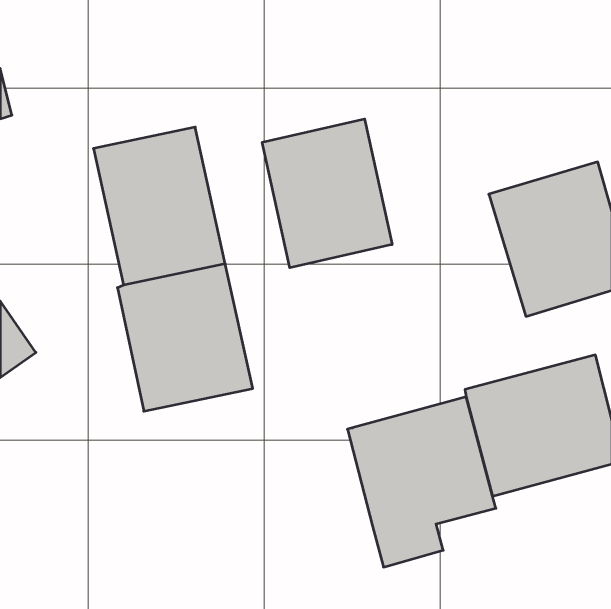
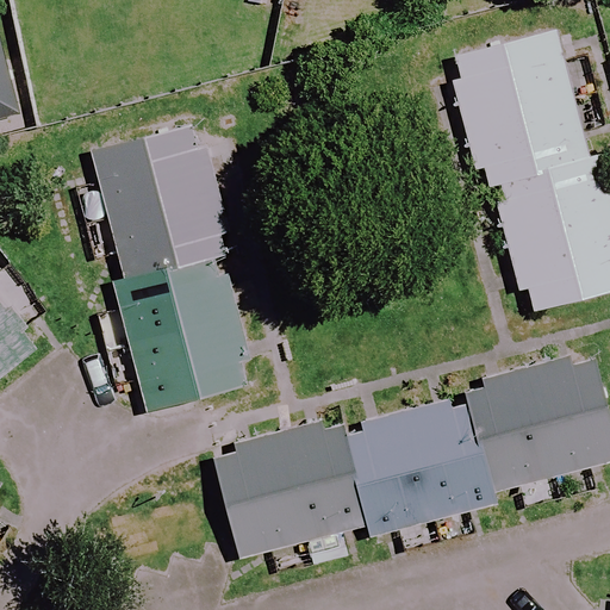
building: none -> [447,27,596,193]
building: [262,119,392,268] -> none
building: none -> [212,416,372,559]

